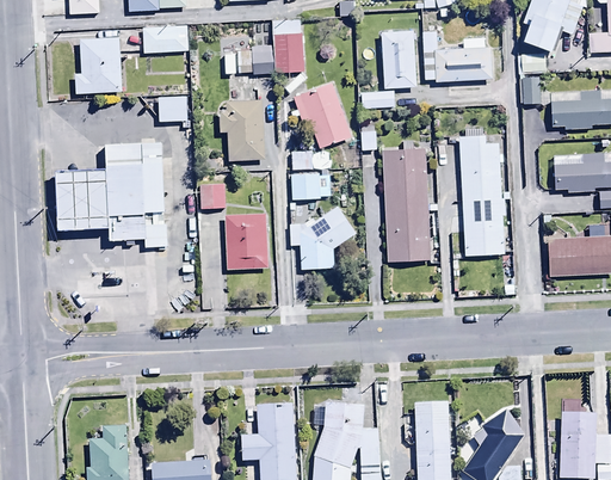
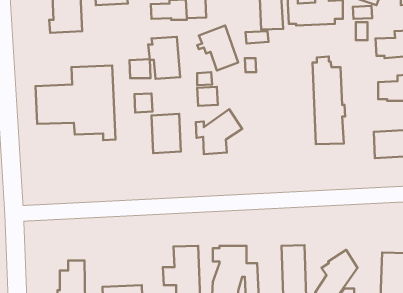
building: [159,93,190,121] -> [129,59,151,78]
building: [382,140,431,261] -> none

